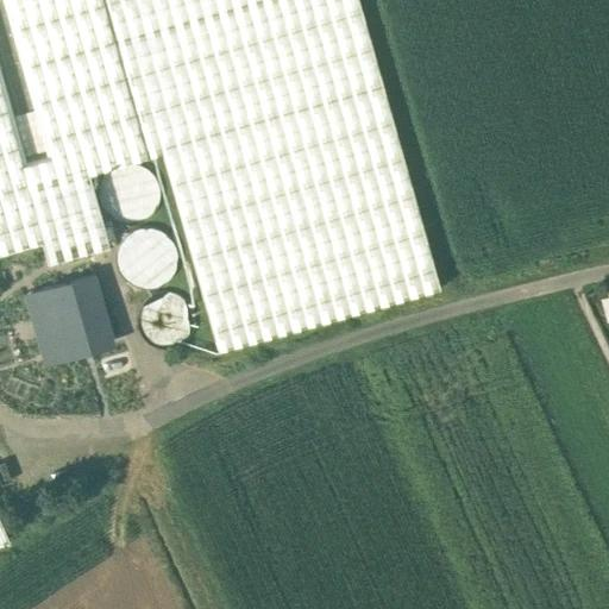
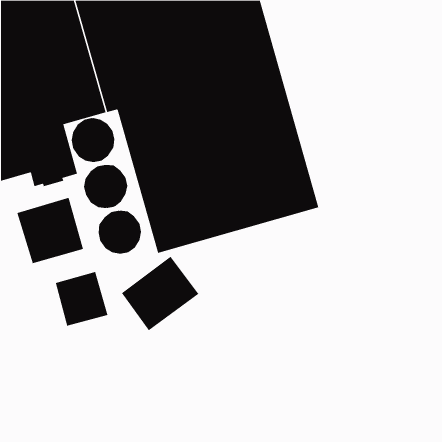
building: none -> [121,256,199,331]
building: none -> [55,271,108,326]

